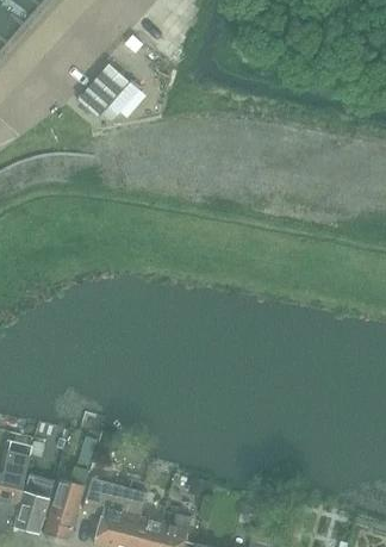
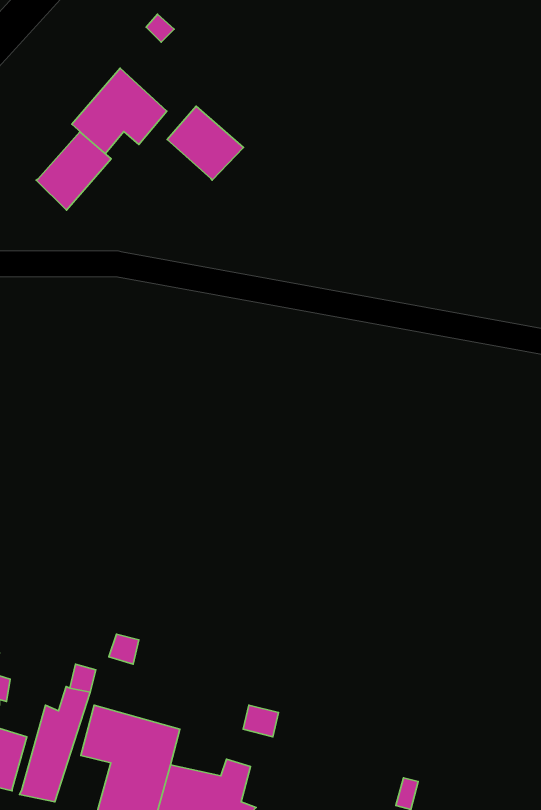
building: none -> [167,106,244,180]
building: none -> [36,132,111,210]

